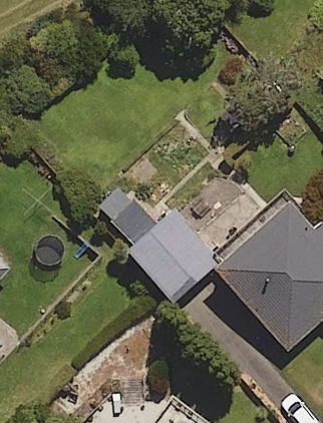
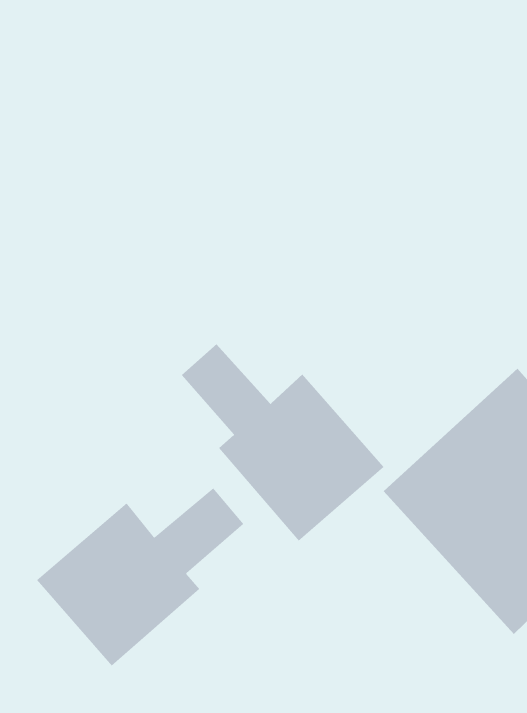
building: none -> [36,488,244,667]

